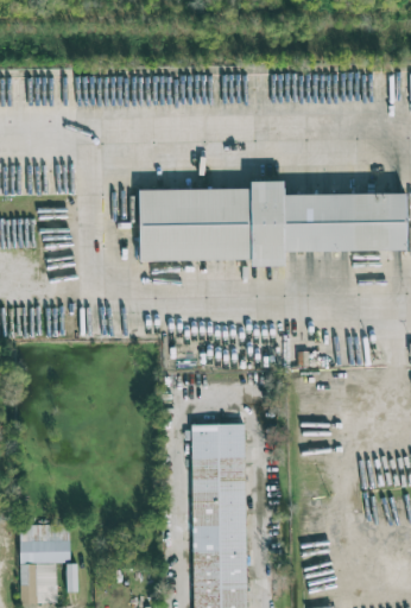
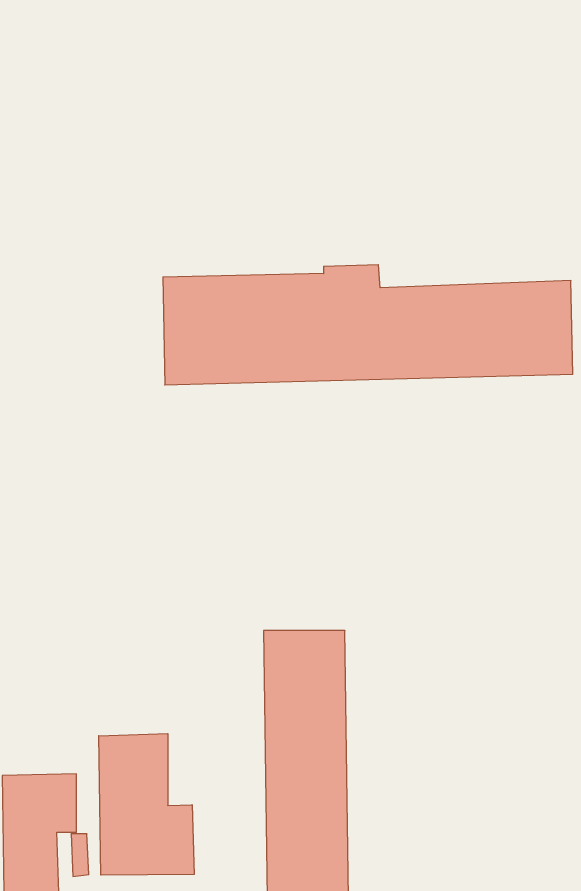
building: none -> [99,734,194,875]

